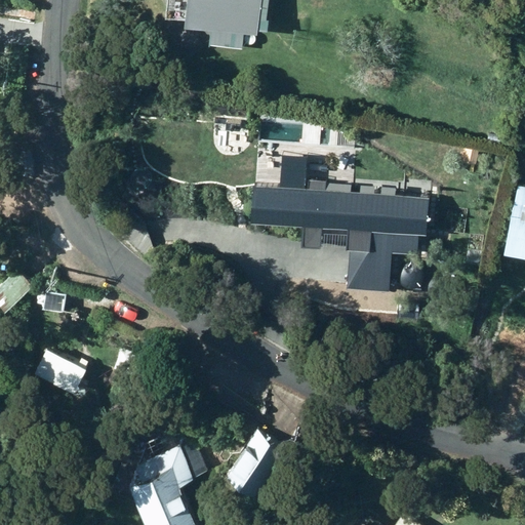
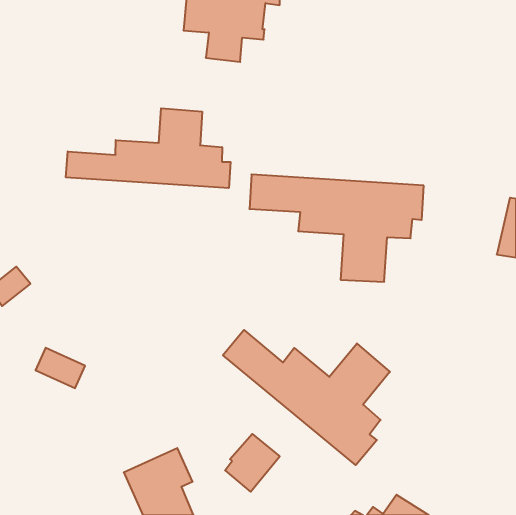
building: none -> [66,108,231,188]
building: none -> [223,330,390,465]

